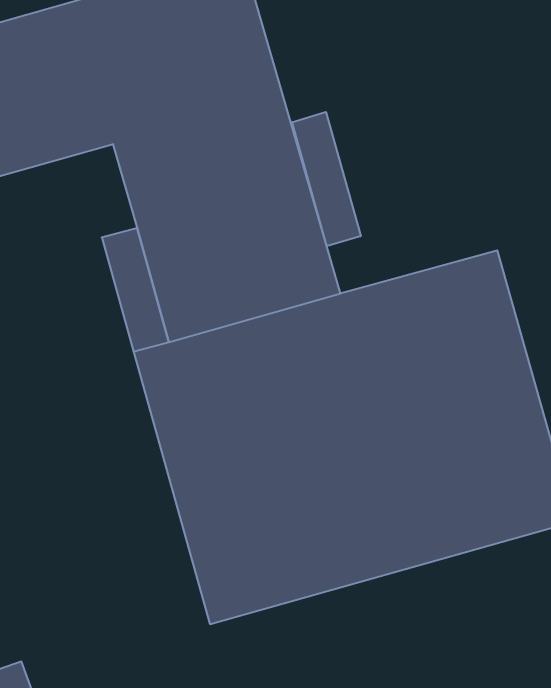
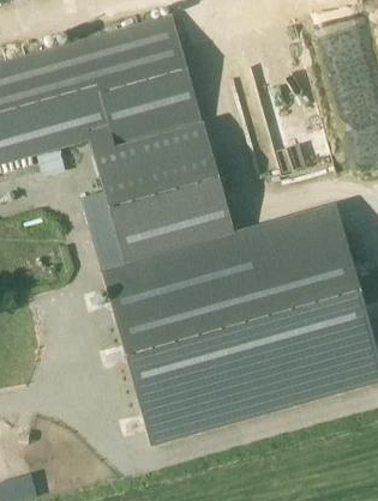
building: [292,112,361,246] -> none

